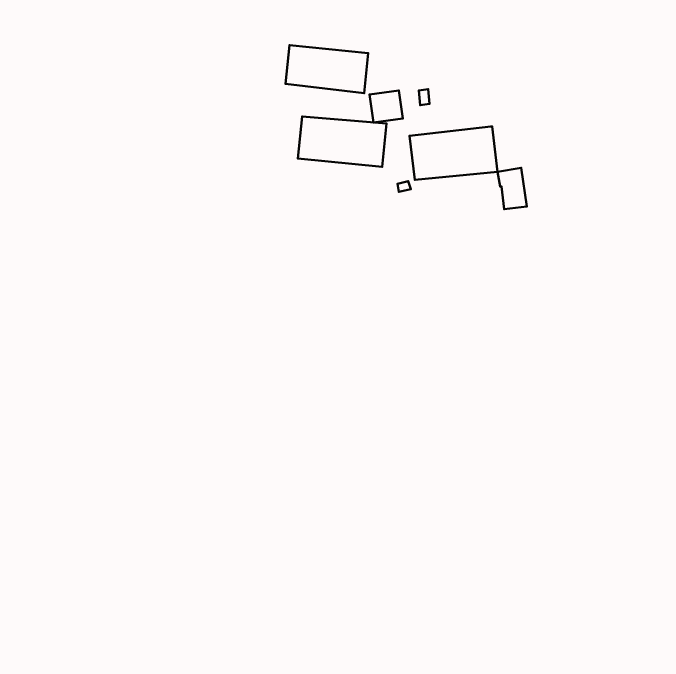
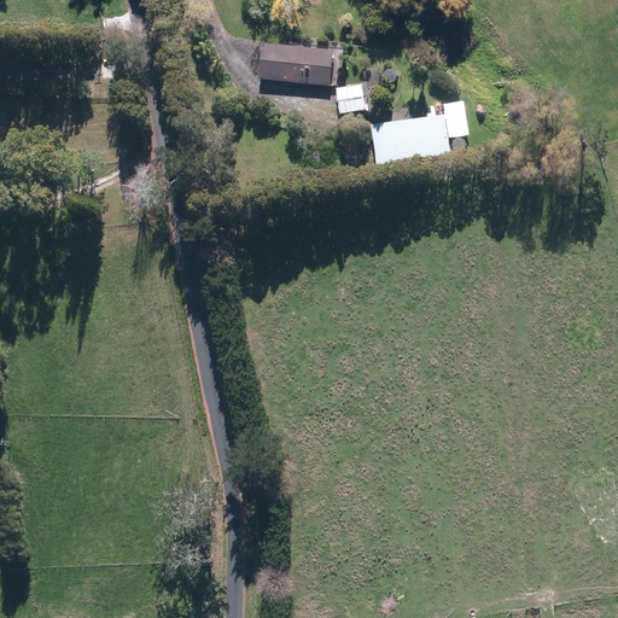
building: [298,117,387,167] -> none
building: [497,168,527,209] -> [442,98,468,135]

